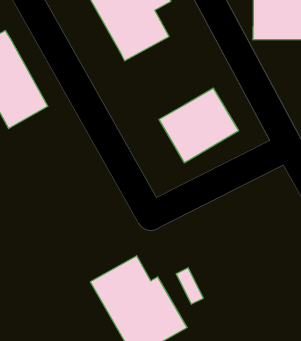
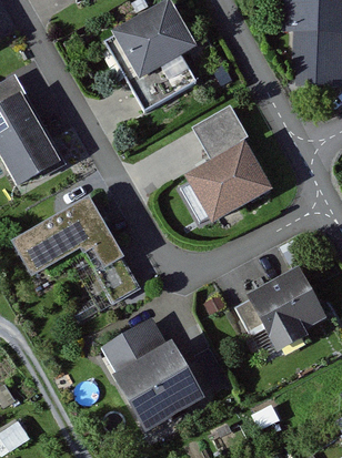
building: none -> [191,103,245,154]
building: none -> [19,200,143,303]
building: none -> [233,267,323,346]

